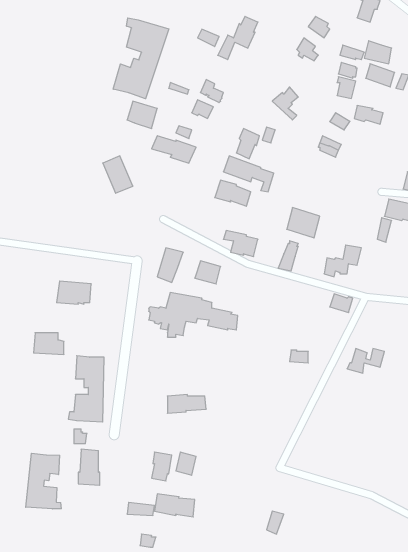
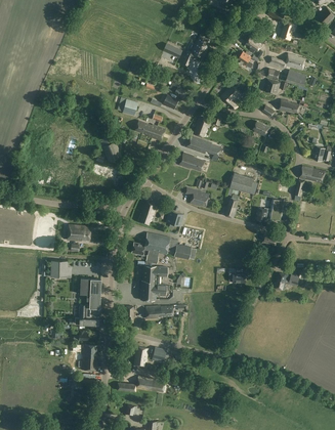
building: [113,18,169,99] -> none
building: none -> [140,264,167,299]
building: [26,453,61,509] -> none

